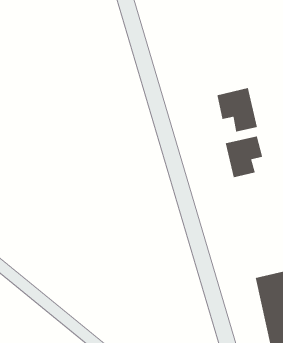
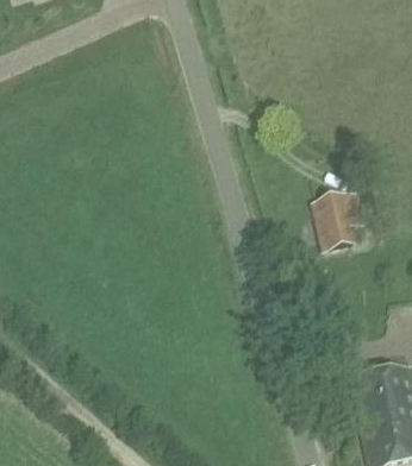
building: [217,87,258,133] -> none

